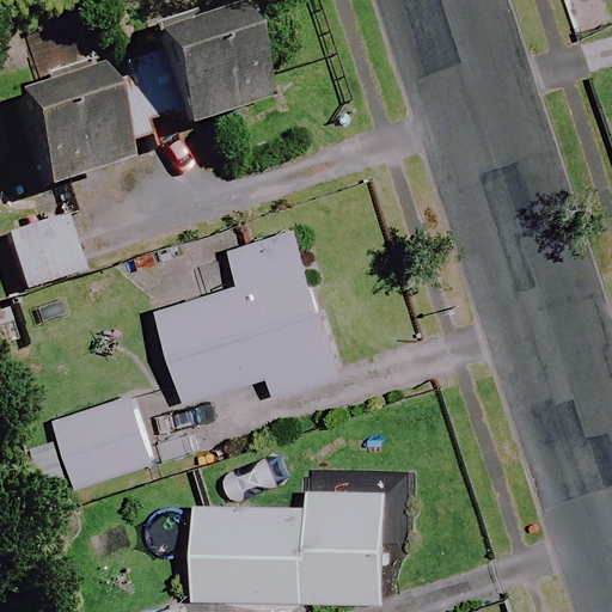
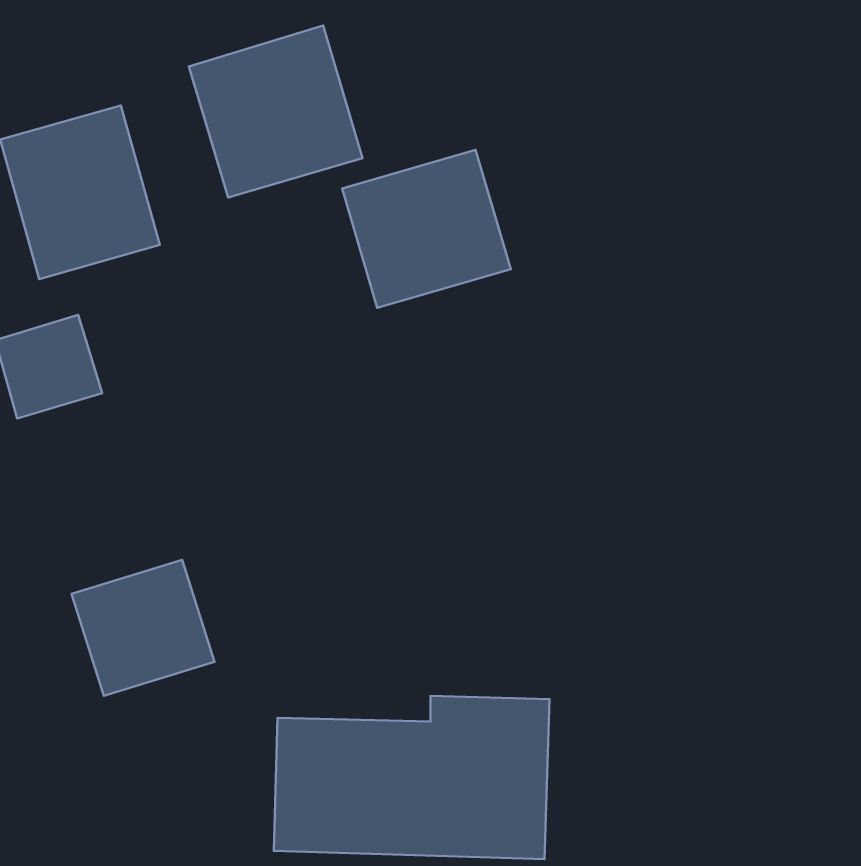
building: none -> [342,150,511,308]
building: [157,231,339,402] -> none

